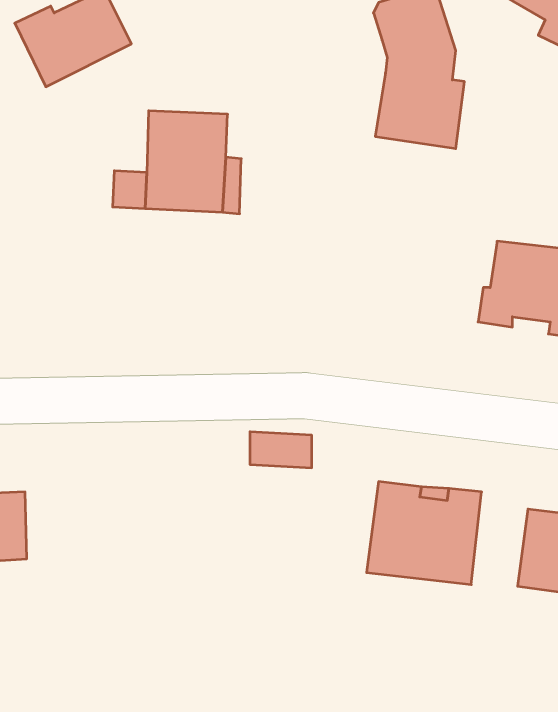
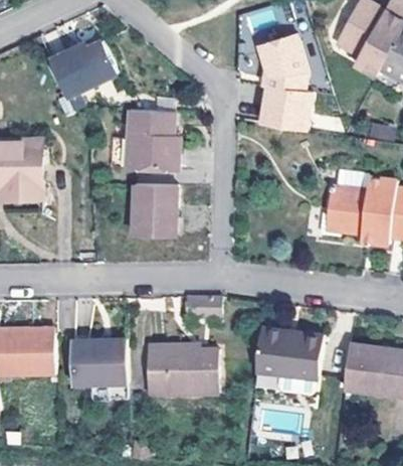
building: none -> [131,186,178,238]
building: none -> [72,338,128,384]
building: none -> [148,343,219,393]

